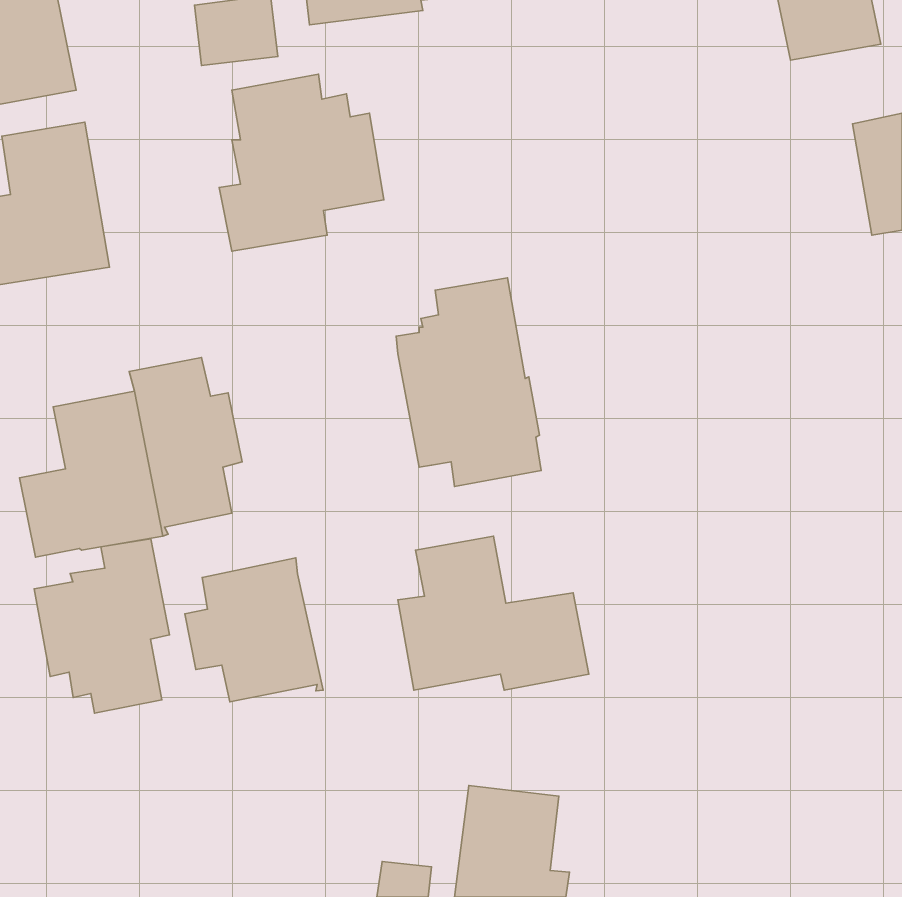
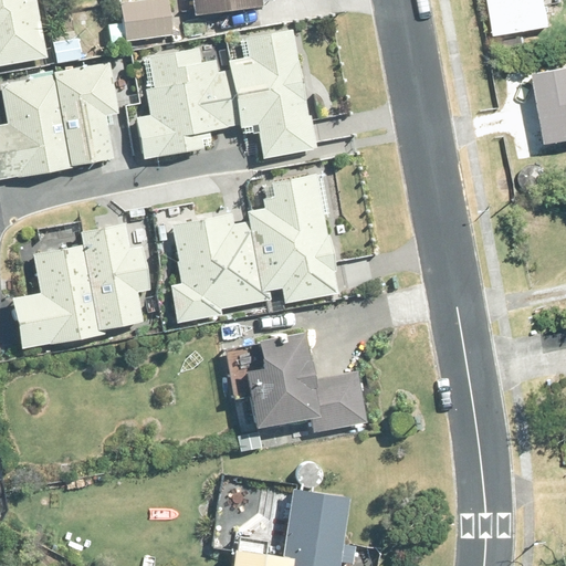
building: none -> [229,28,317,158]
building: none -> [53,62,118,167]
building: none -> [169,212,271,323]
building: [34,539,170,713] -> none
building: [185,558,323,702] -> none

